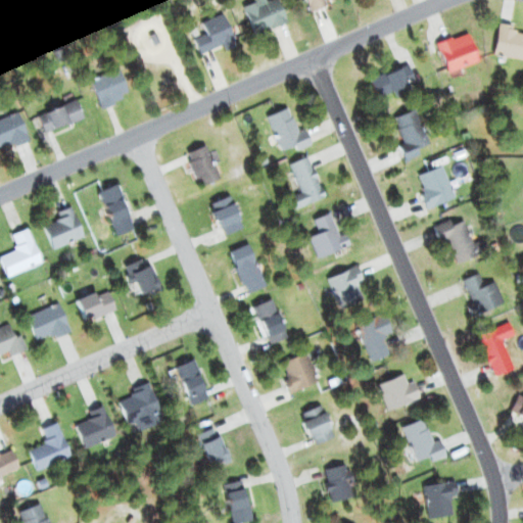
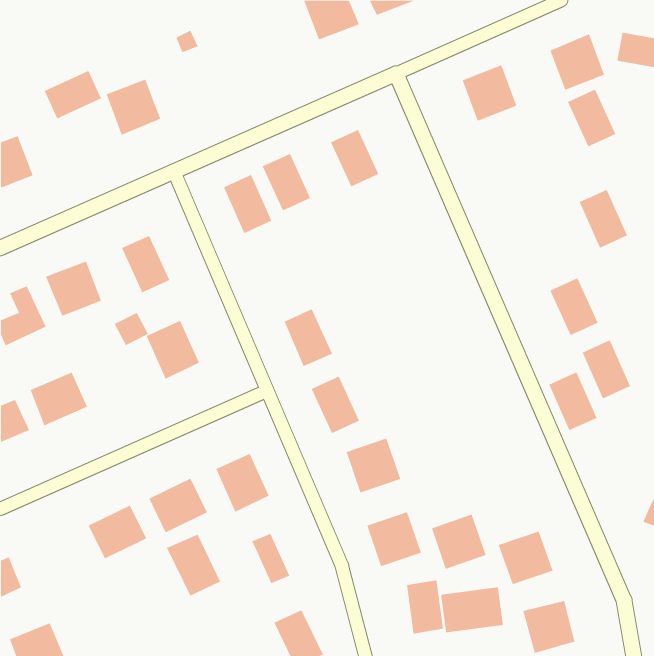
building: [184,11,235,53] -> none
building: [40,96,86,135] -> [44,70,102,119]
building: [392,104,431,150] -> [567,89,616,147]
building: [286,157,325,204] -> none
building: [418,170,457,217] -> [579,189,628,248]
building: [209,187,248,233] -> [262,153,311,211]
building: [308,212,347,259] -> none
building: [327,267,366,314] -> none
building: [88,293,115,320] -> [114,312,149,346]
building: [359,322,397,369] -> none
building: [477,334,516,381] -> [548,372,597,431]
building: [377,372,421,416] -> [431,514,486,569]
building: [29,422,77,476] -> none
building: none -> [166,534,221,597]
building: none -> [441,587,503,633]

